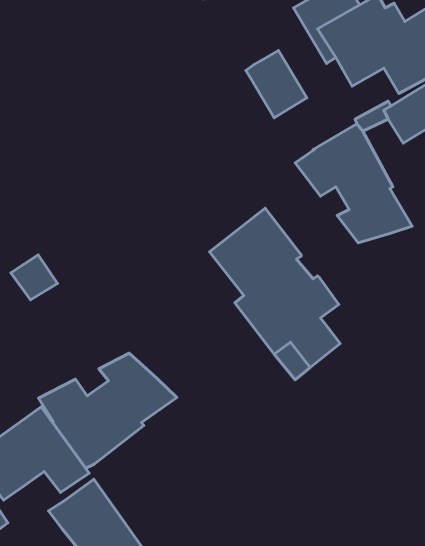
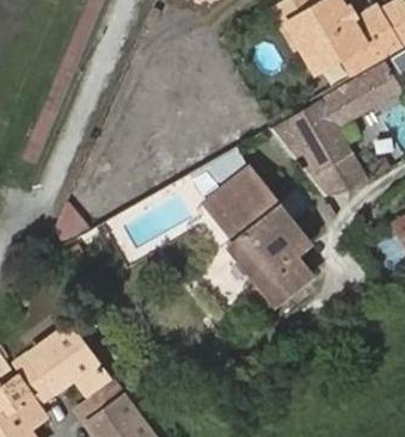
building: [246,50,307,118] -> none
building: [39,353,177,468] -> none

